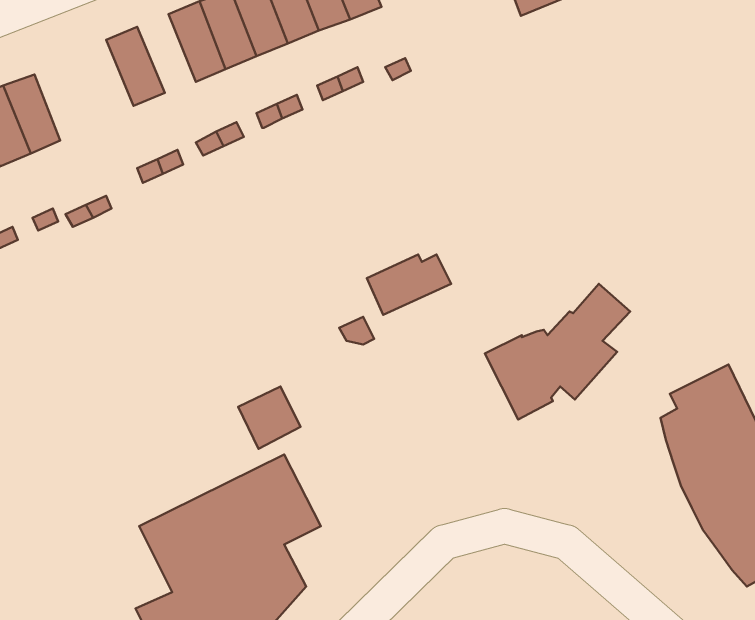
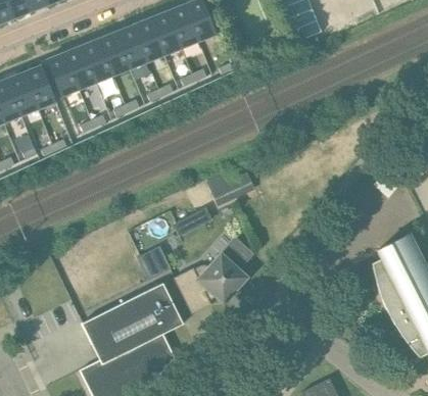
building: none -> [81,39,113,83]
building: none -> [46,53,79,97]
building: none -> [23,65,56,109]
building: [485,284,630,420] -> [174,239,254,314]

